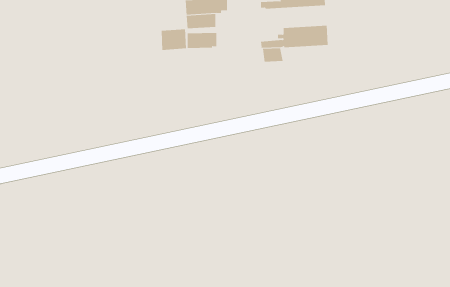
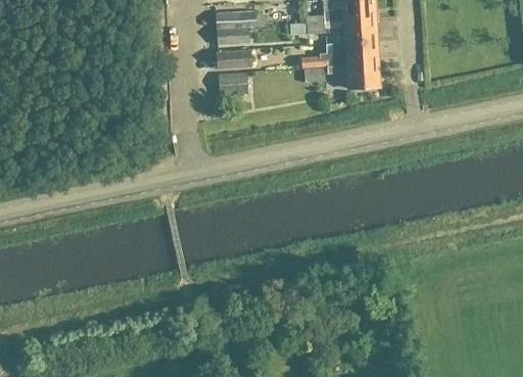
building: none -> [305,18,377,44]
building: [161,29,187,50] -> [219,72,248,96]
building: none -> [327,63,379,88]

